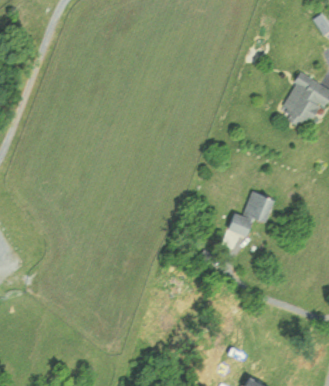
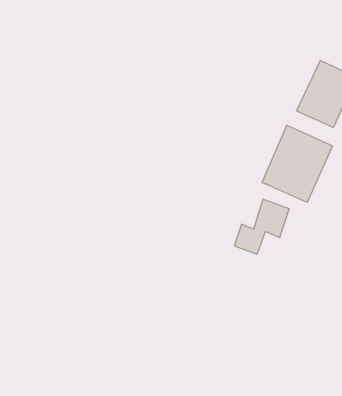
building: none -> [262,125,333,202]

